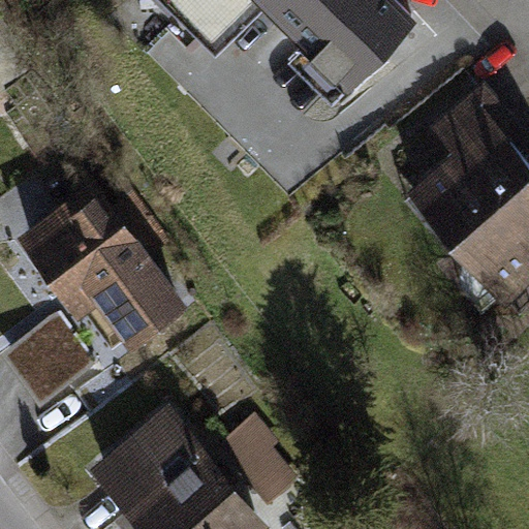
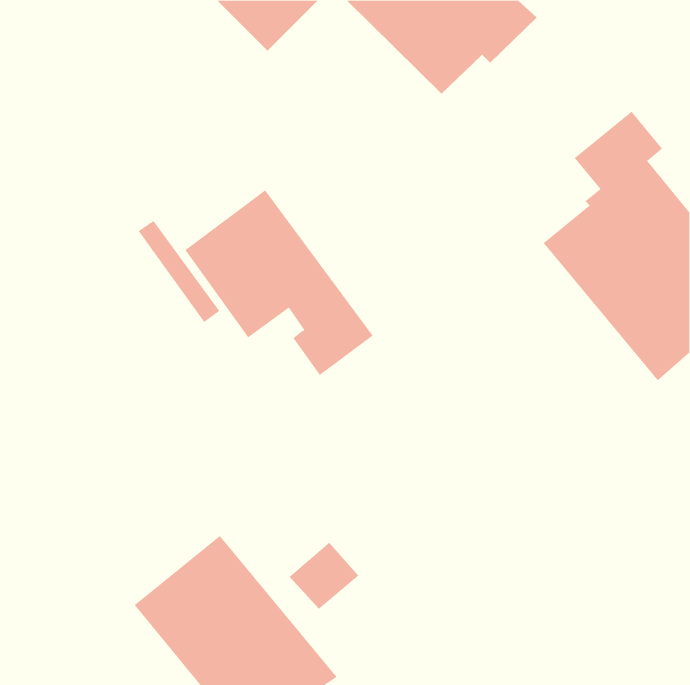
building: [31,190,176,333] -> [184,189,373,376]
building: [10,312,101,401] -> none

